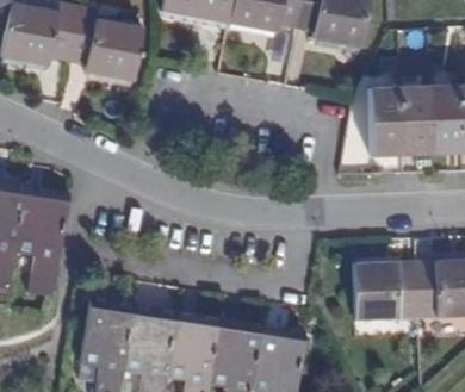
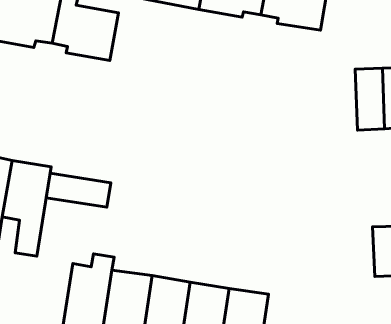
building: [371,89,402,157] -> none
building: none -> [46,173,111,207]
building: [358,262,421,319] -> none

